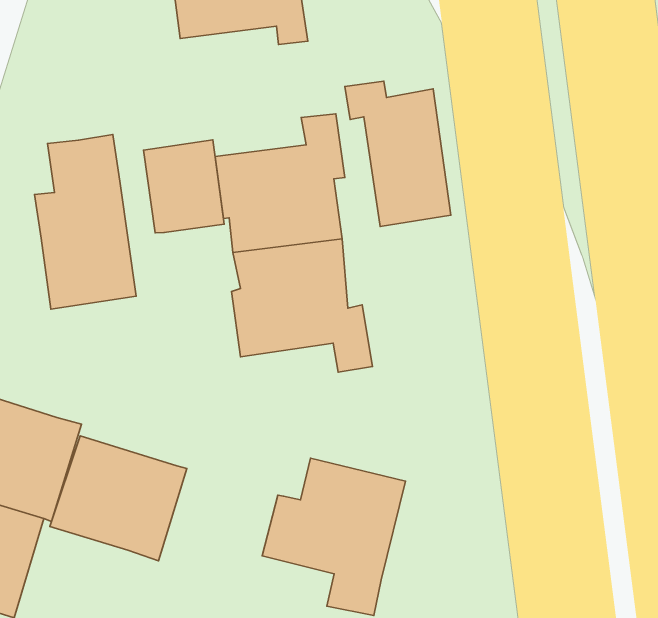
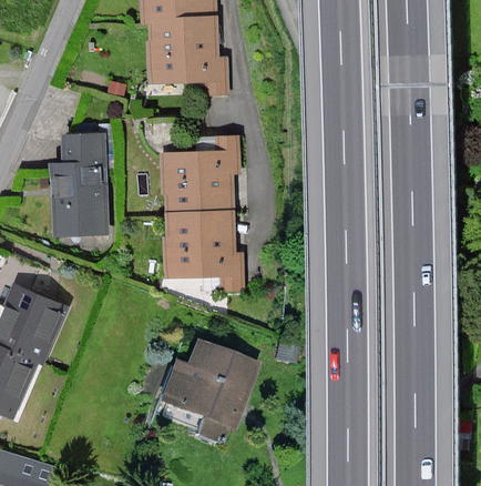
building: [345,81,451,226] -> none
building: [143,140,224,233] -> none
building: [50,436,187,561] -> none

